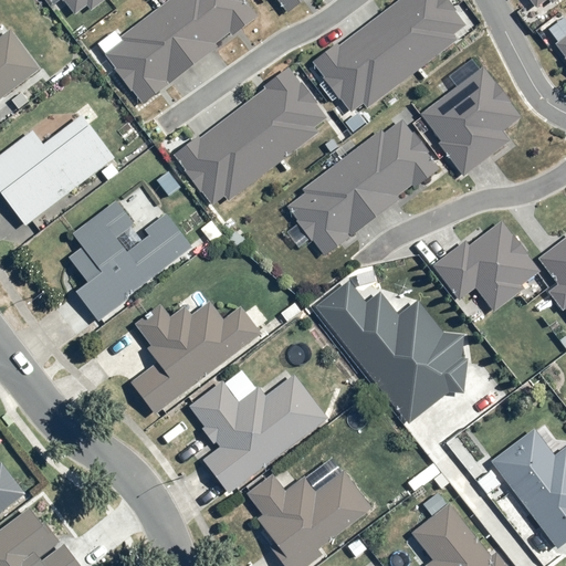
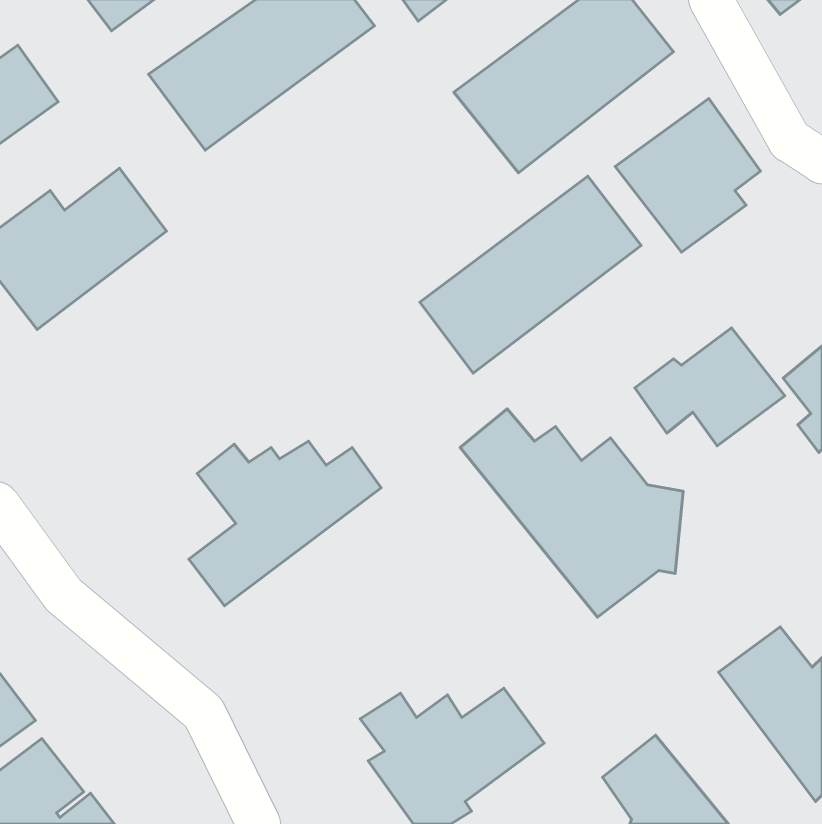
building: [174,69,328,202] -> none
building: [73,201,192,322] -> none
building: [190,375,328,493] -> none

